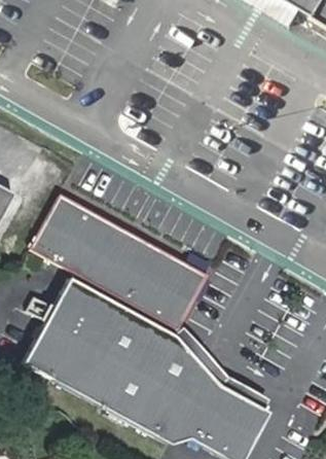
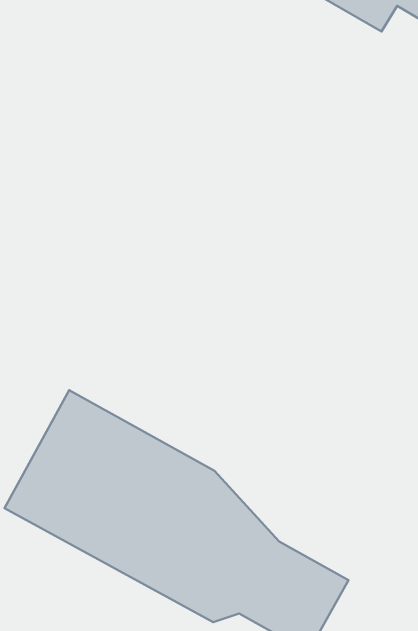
building: [31,193,211,325] -> none

